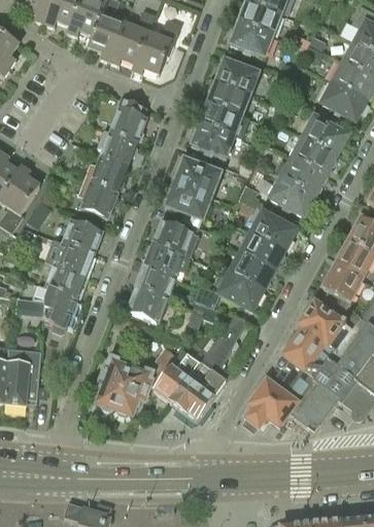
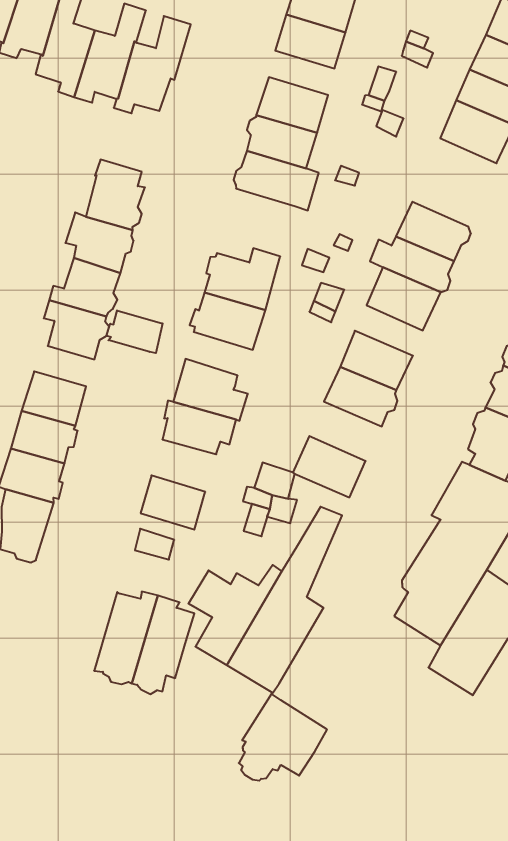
building: [303,117,347,156] -> none
building: [192,122,234,157] -> none
building: none -> [106,310,163,353]
building: [231,252,274,289] -> none
building: [134,267,175,300] -> none
building: [244,378,298,428] -> [239,694,327,781]

